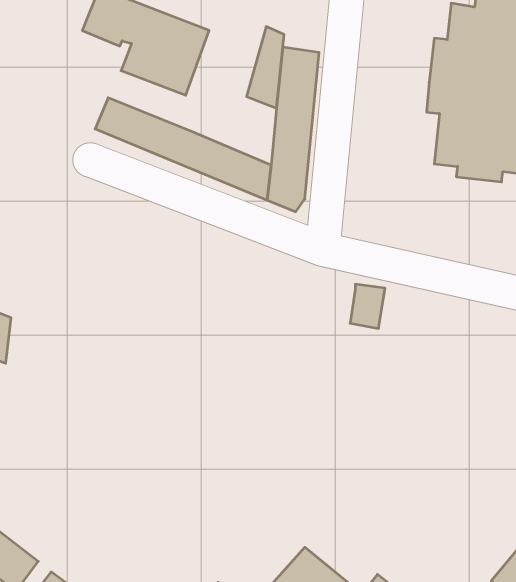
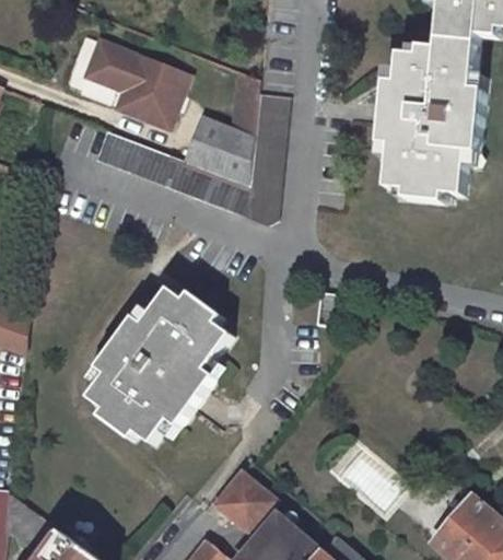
building: none -> [180,119,249,188]
building: none -> [91,289,234,446]
building: none -> [211,471,270,529]

